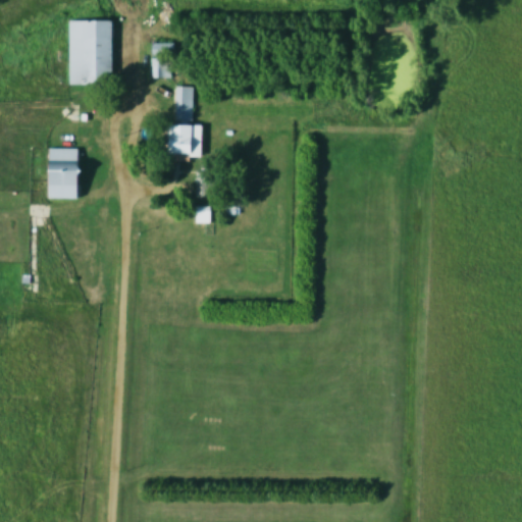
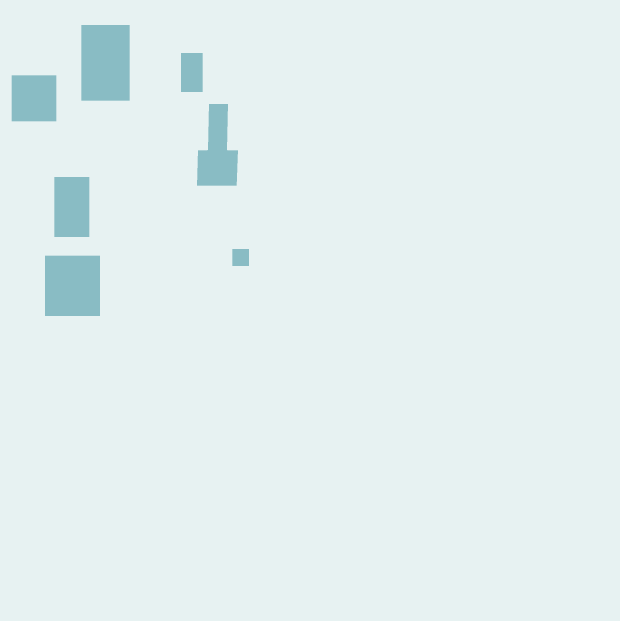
building: none -> [11,75,57,122]
building: none -> [44,255,101,317]

